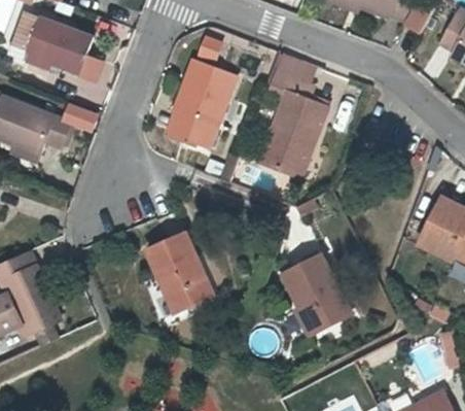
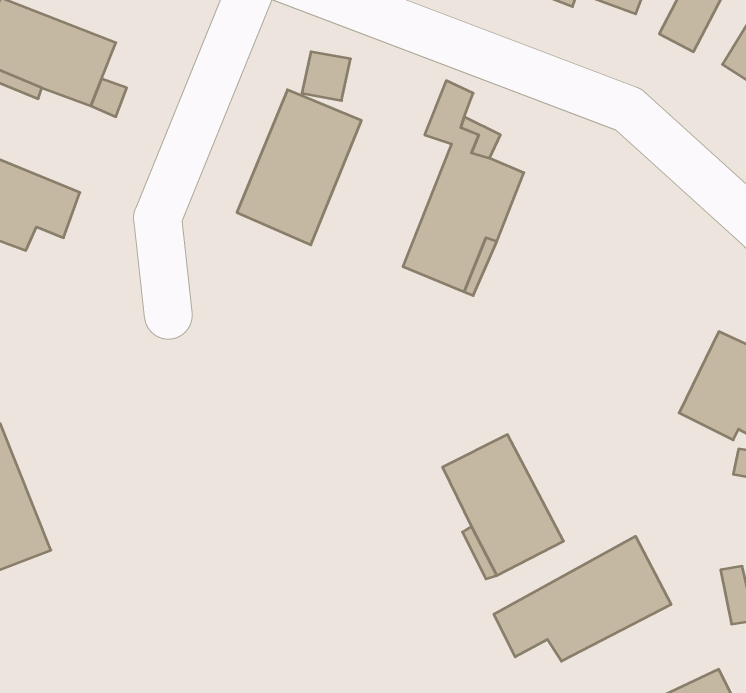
building: [140,231,208,311] -> none
building: none -> [494,536,671,661]

